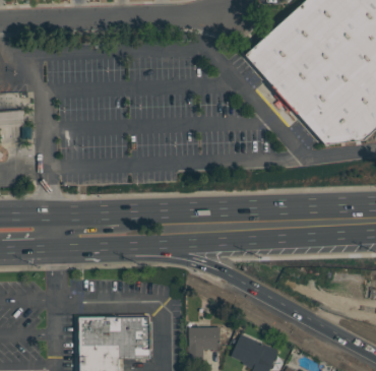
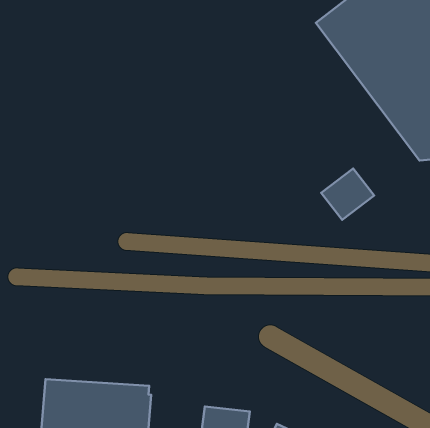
building: none -> [321,168,374,220]

